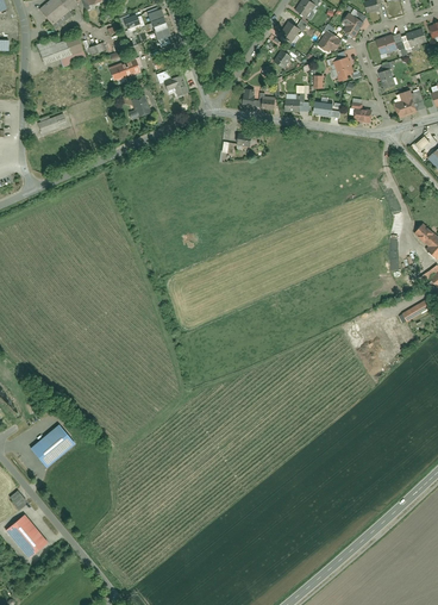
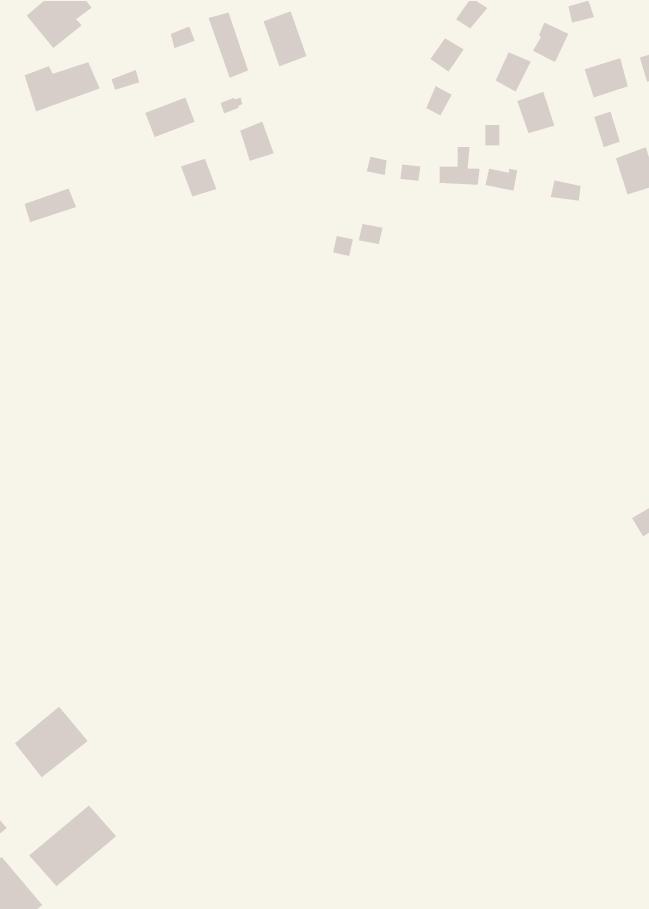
building: none -> [262,10,308,67]
building: none -> [28,804,117,887]

